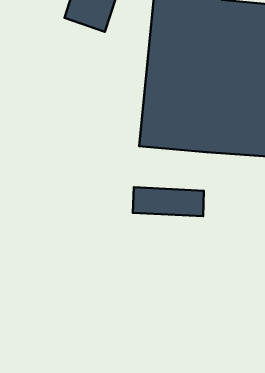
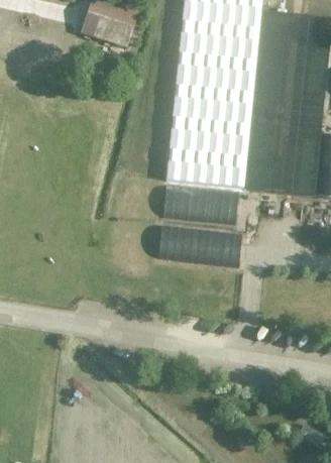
building: none -> [163,183,238,218]

